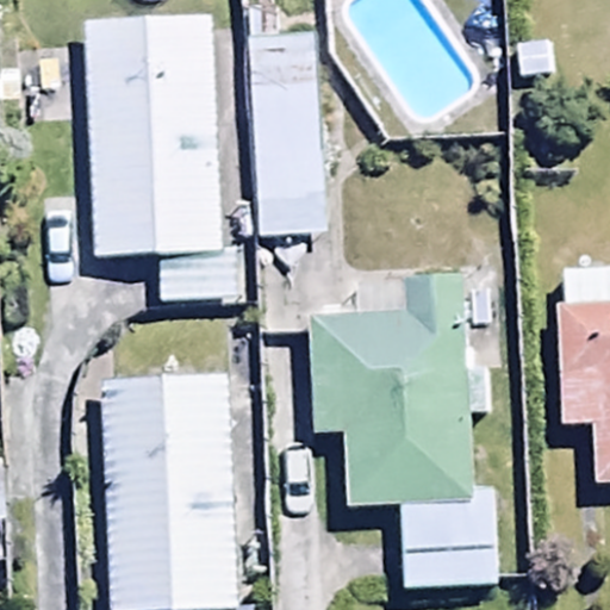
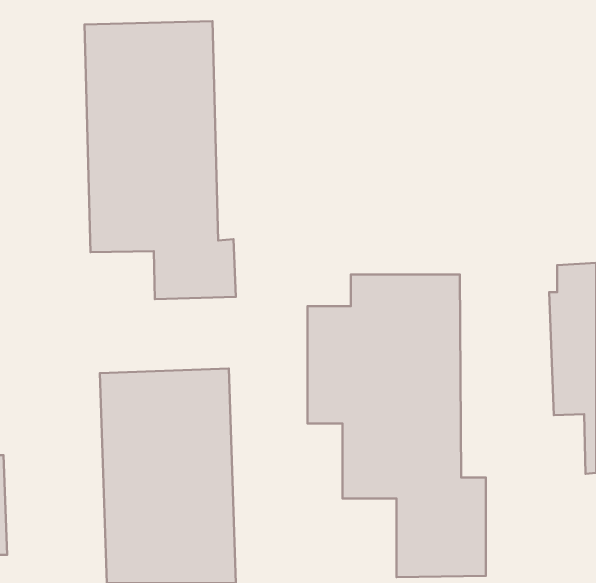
building: [251,32,328,231] -> none

